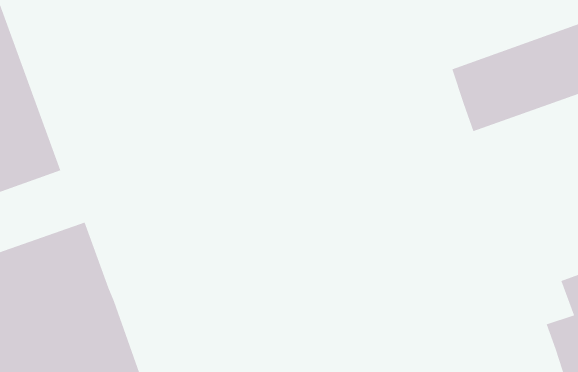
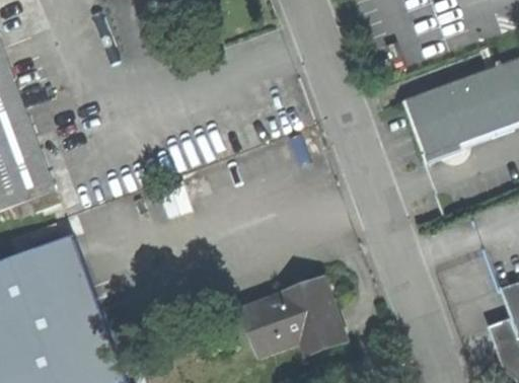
building: none -> [244,282,344,362]

